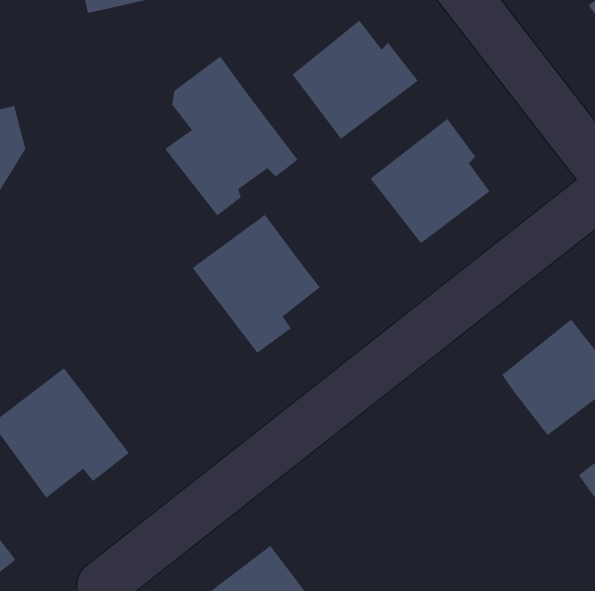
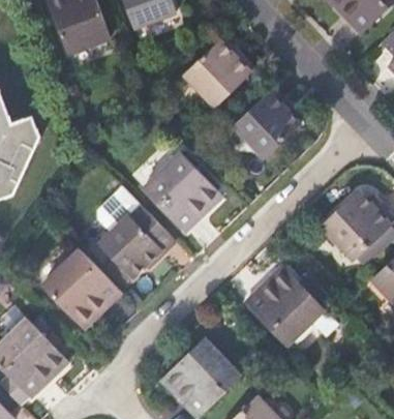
building: [164,56,298,217] -> [98,190,174,280]
building: none -> [247,274,339,347]

